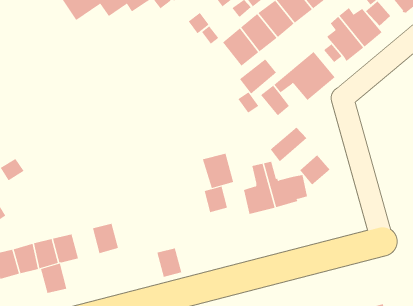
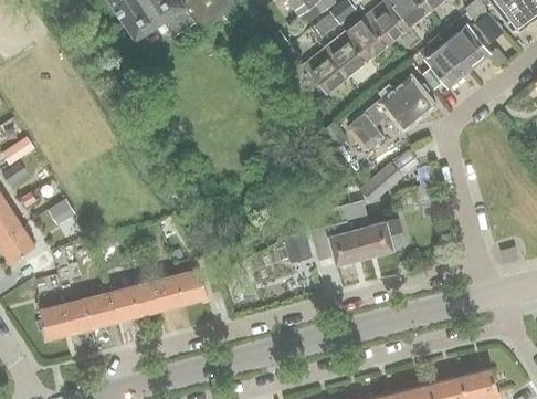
building: [239,58,277,94] -> none
building: [202,153,234,189] -> none
building: [300,154,330,185] -> none
building: [156,248,182,277] -> [177,269,207,303]
building: [40,263,67,294] -> [130,280,161,315]

